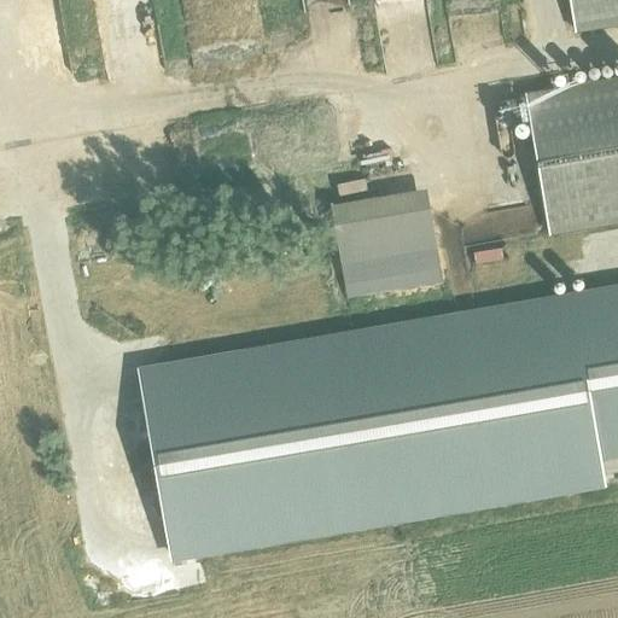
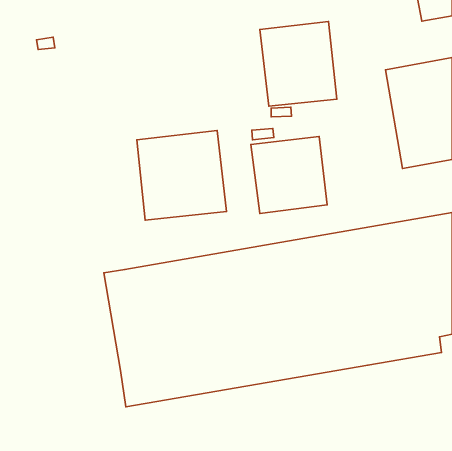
building: none -> [260,22,337,106]
building: none -> [137,131,227,220]

